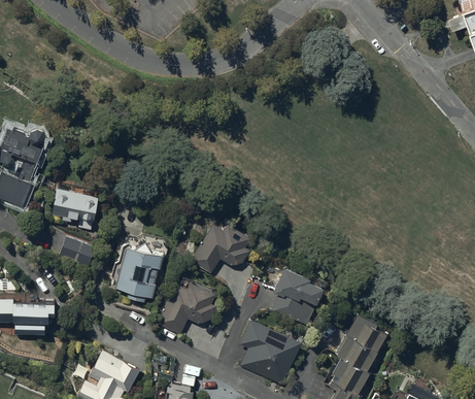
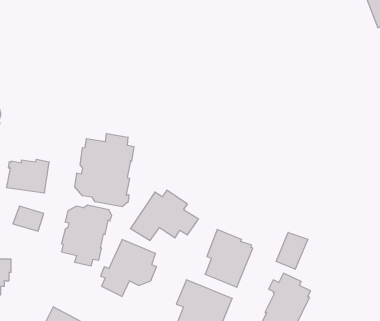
building: none -> [75,133,134,207]
building: none -> [276,232,308,269]

